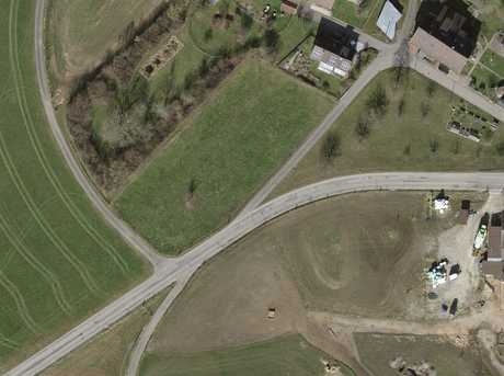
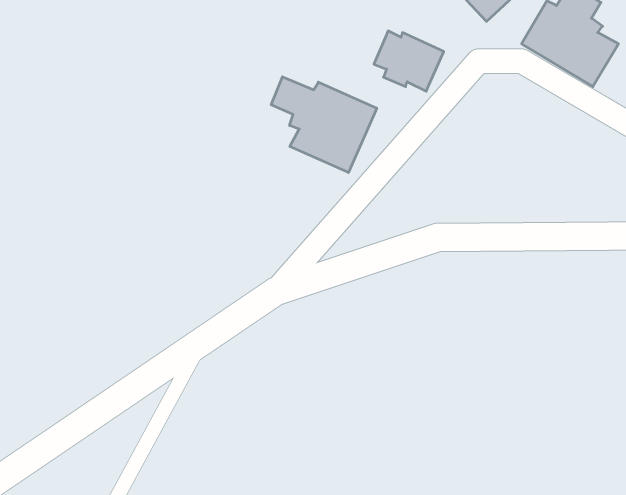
building: none -> [271,77,377,173]

